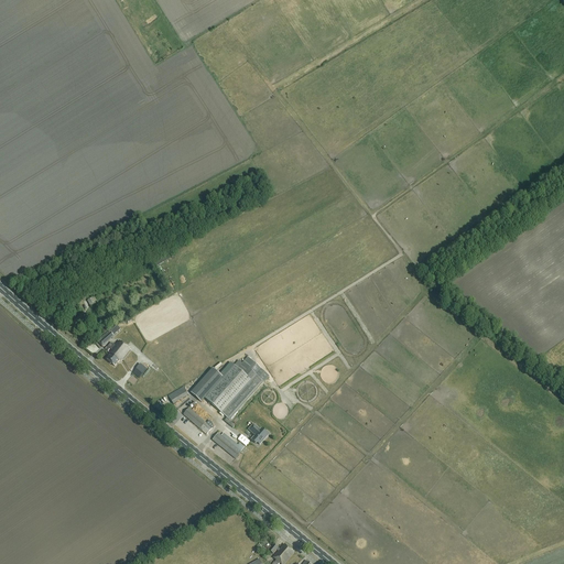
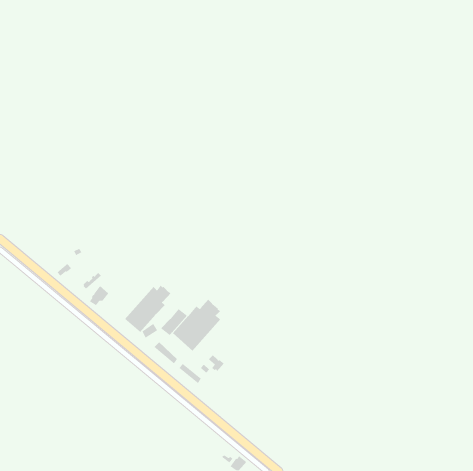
building: none -> [124,284,171,333]

